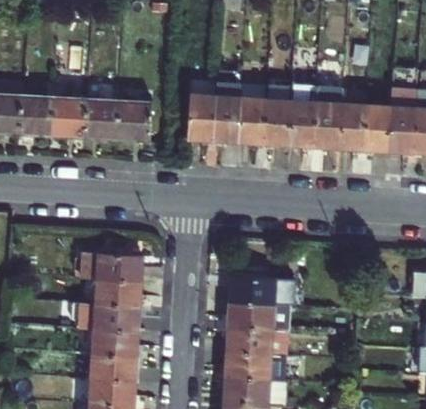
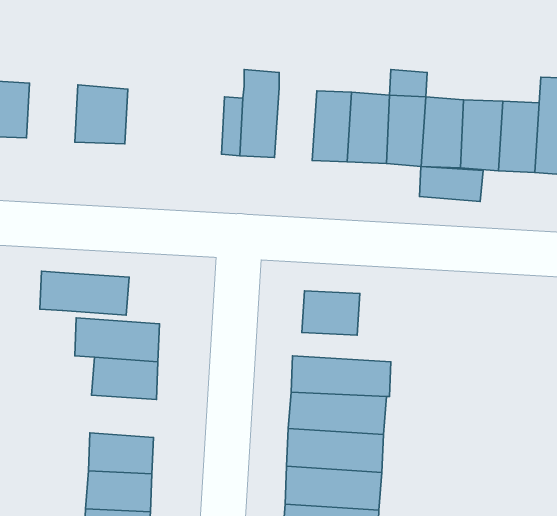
building: [52,95,86,134] -> none
building: [216,98,244,146] -> none
building: [117,99,153,138] -> none
building: none -> [420,166,483,202]
building: none -> [302,291,360,335]
building: [79,300,138,329] -> [40,271,129,315]

